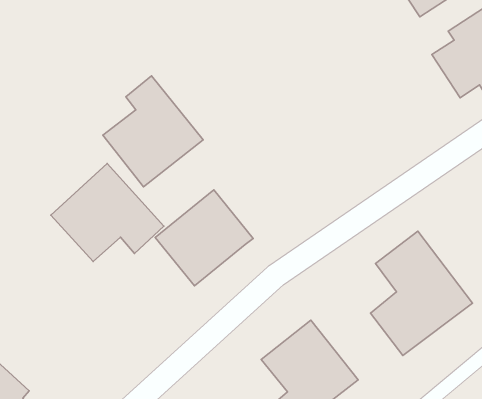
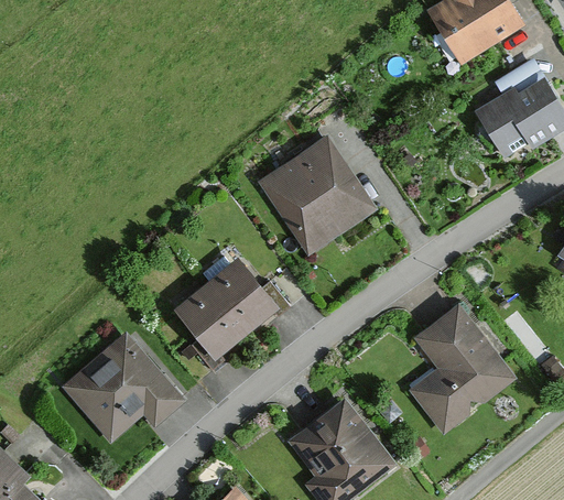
building: [103,76,203,187] -> none
building: none -> [252,132,378,259]
building: [51,164,164,262] -> [63,330,186,437]

